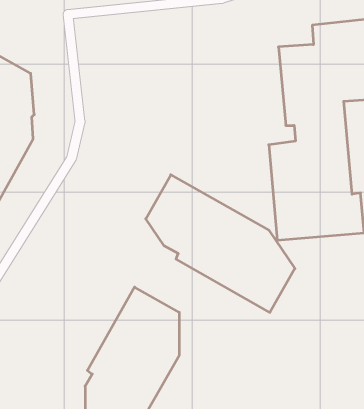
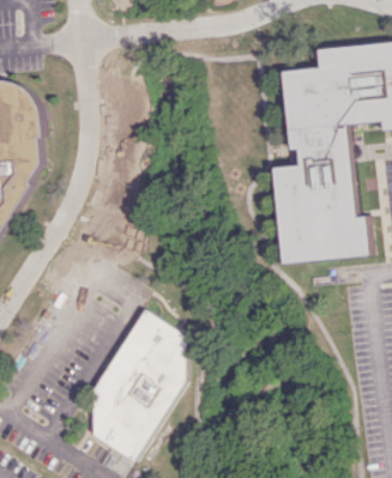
building: [146,175,295,312] -> none

